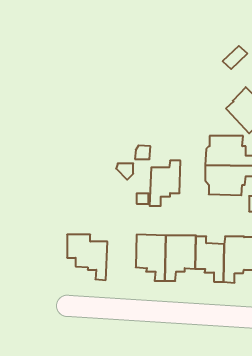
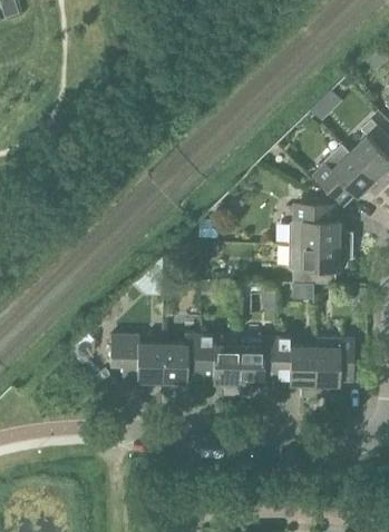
building: [150,161,180,206] -> [159,335,200,394]

